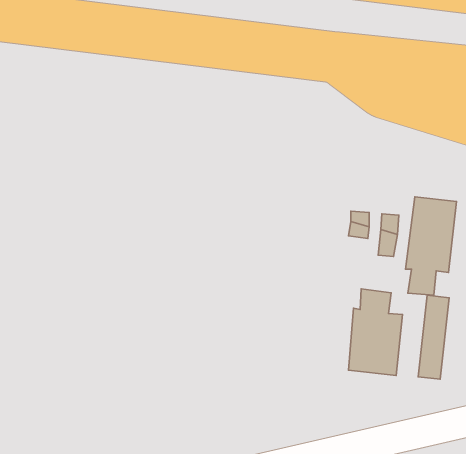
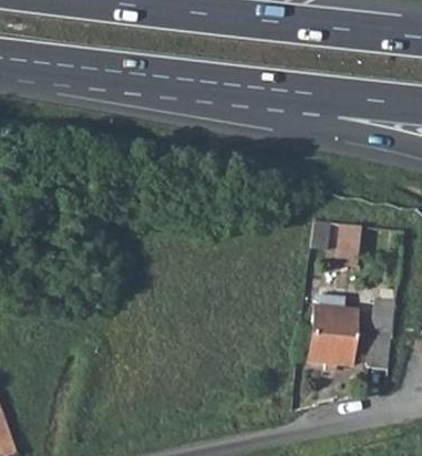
building: [406,197,456,295] -> none

